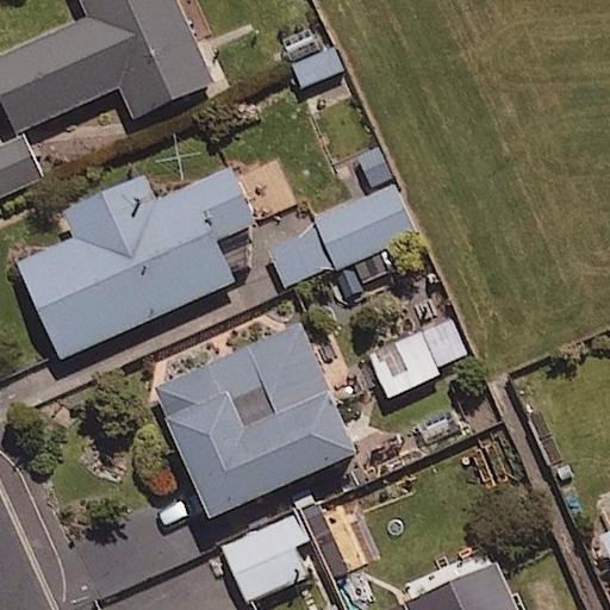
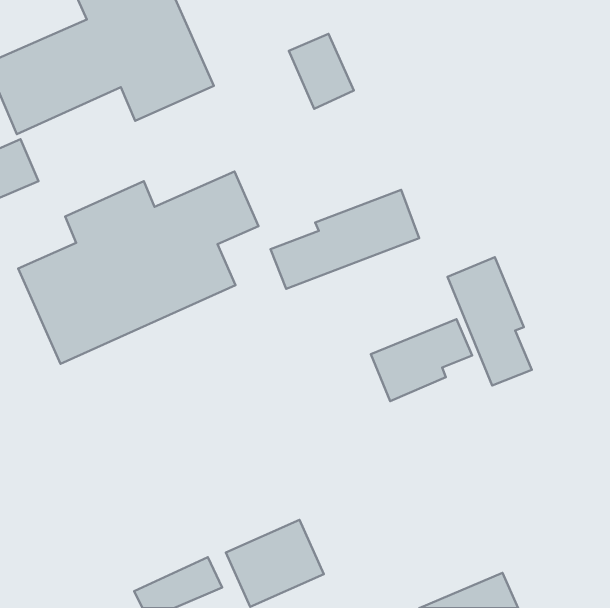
building: none -> [448,257,532,386]
building: [154,324,360,524] -> none

